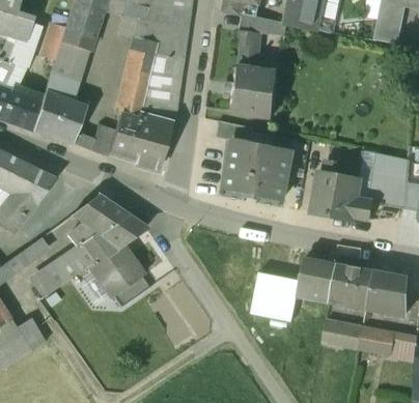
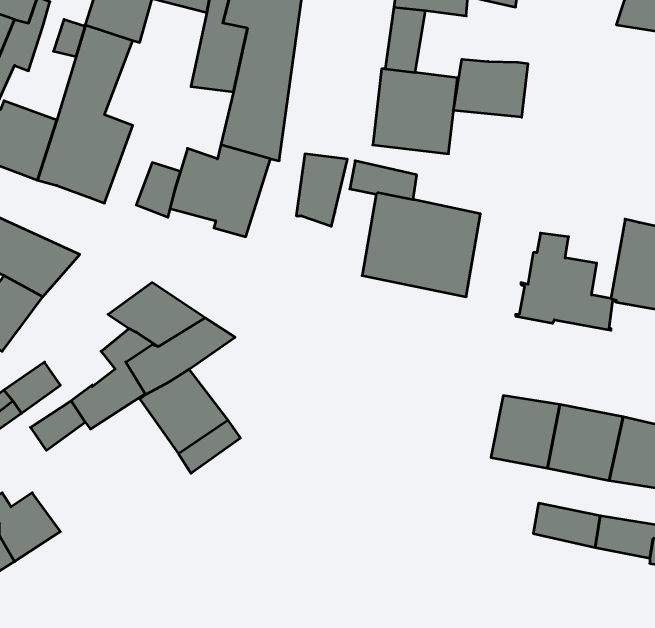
building: none -> [454,59,528,117]
building: [116,78,146,120] -> [296,154,347,226]
building: [251,272,300,322] -> none

